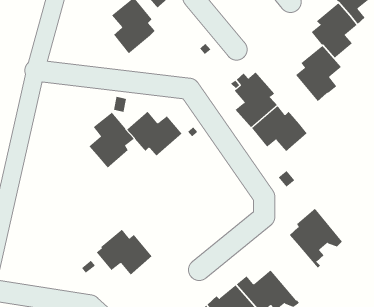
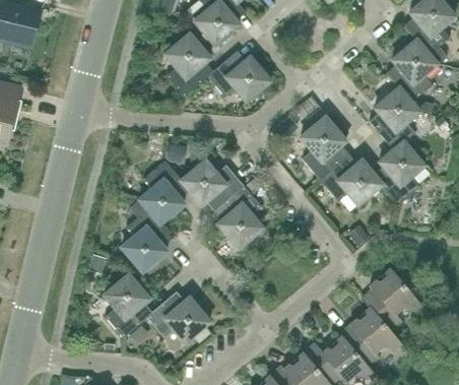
building: none -> [208,50,271,102]
building: none -> [374,140,424,204]
building: none -> [214,185,263,249]
building: none -> [122,208,173,271]
building: none -> [104,273,153,337]
building: none -> [339,307,402,370]

